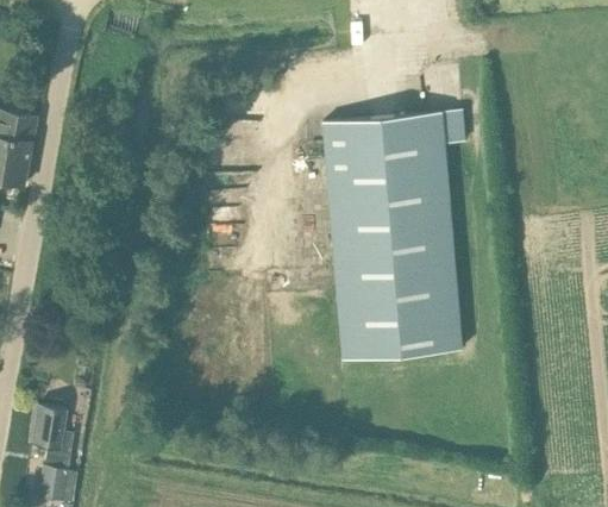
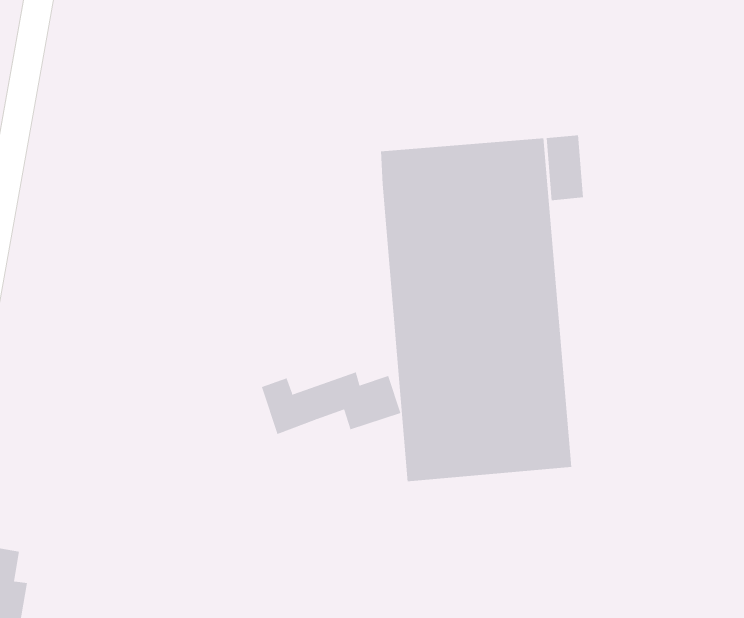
building: none -> [262,372,401,435]

